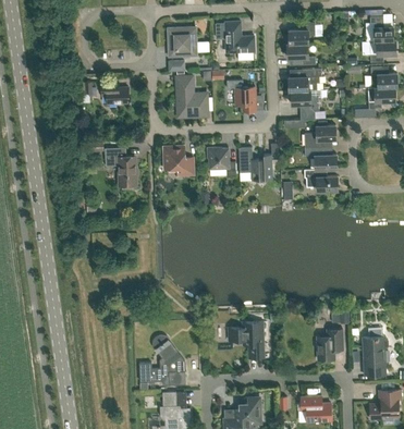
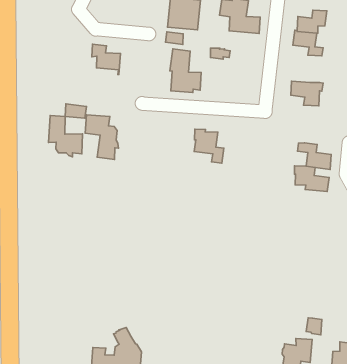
building: [289,69,322,91] -> none
building: [227,79,256,112] -> none
building: [305,121,336,148] -> none
building: [164,146,194,175] -> none
building: [238,147,278,181] -> none
building: none -> [49,115,82,157]
building: [229,322,264,358] -> none

